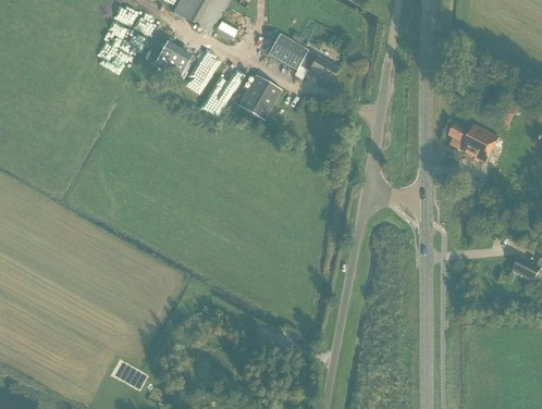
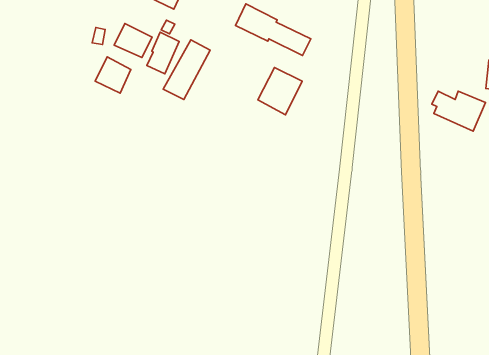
building: none -> [95,57,131,93]
building: [238,75,281,120] -> [258,68,302,115]

